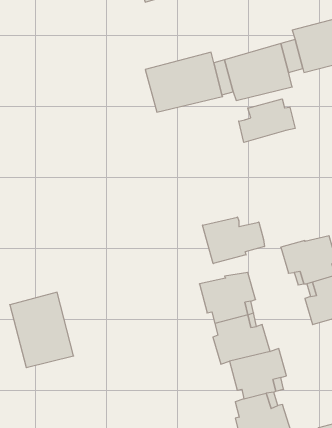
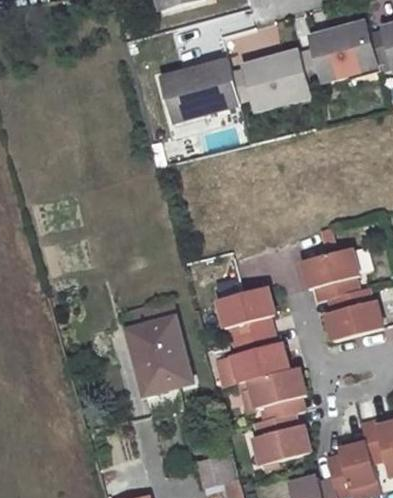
building: [239,99,295,142] -> none
building: [203,217,264,264] -> none
building: [10,292,74,368] -> [126,314,192,392]

